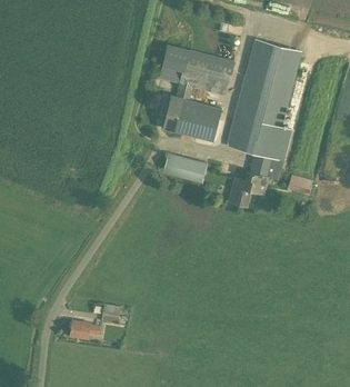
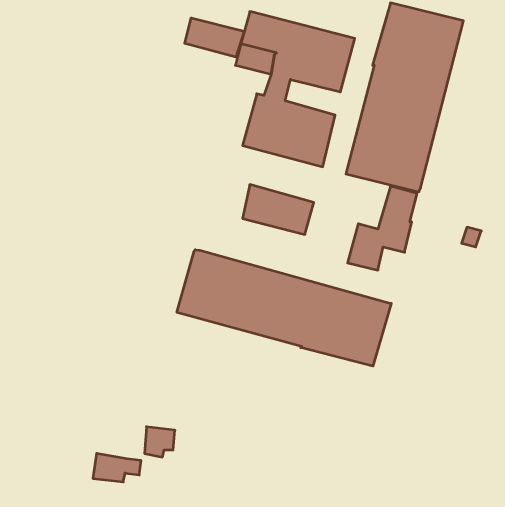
building: none -> [185,18,244,57]
building: none -> [177,250,391,366]

